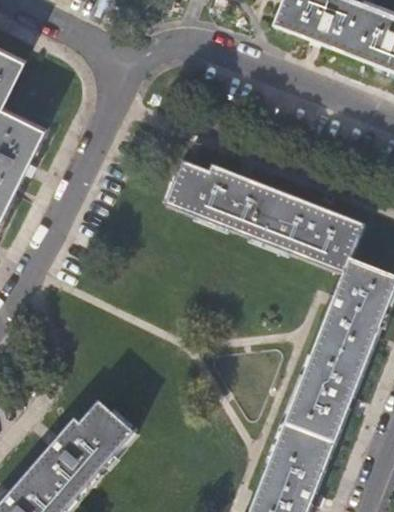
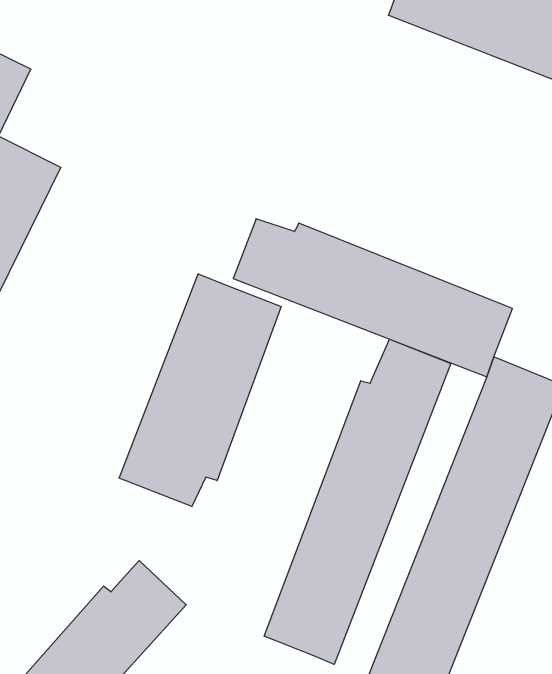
building: none -> [119,274,281,507]
building: none -> [264,339,451,664]

